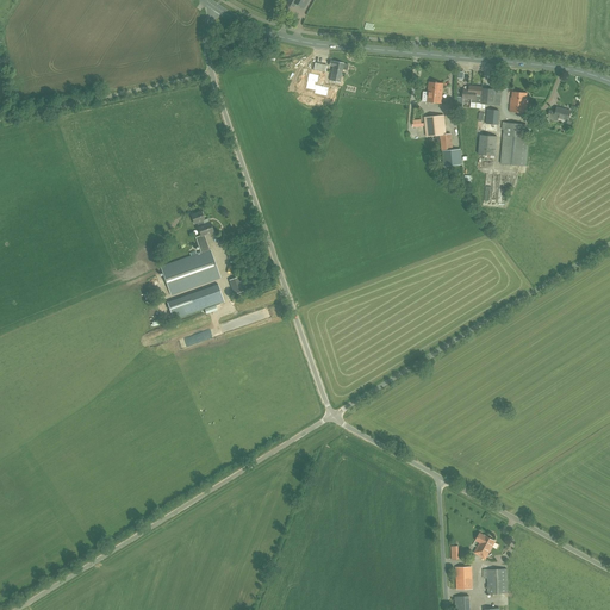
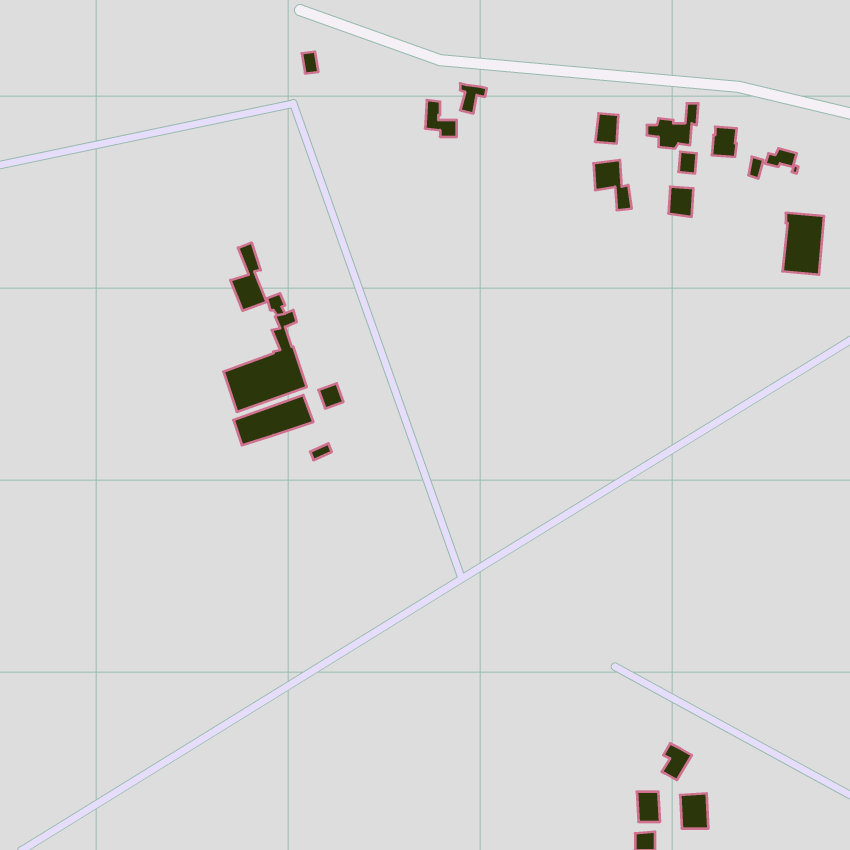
building: [499,122,529,166] -> [782,213,824,275]
building: none -> [230,243,267,311]

